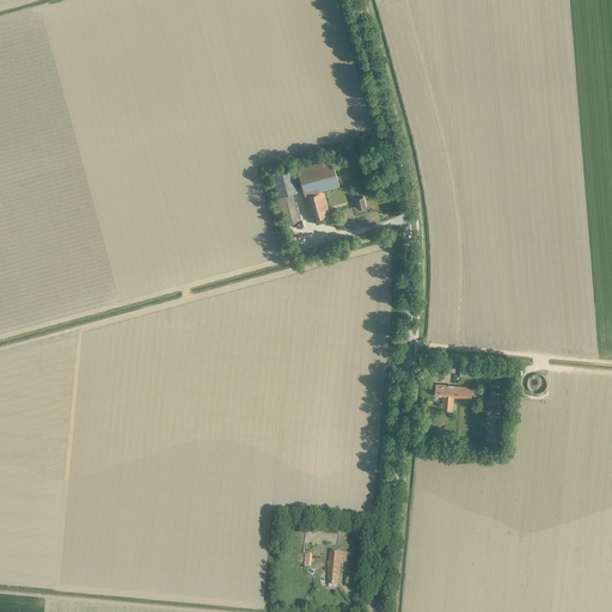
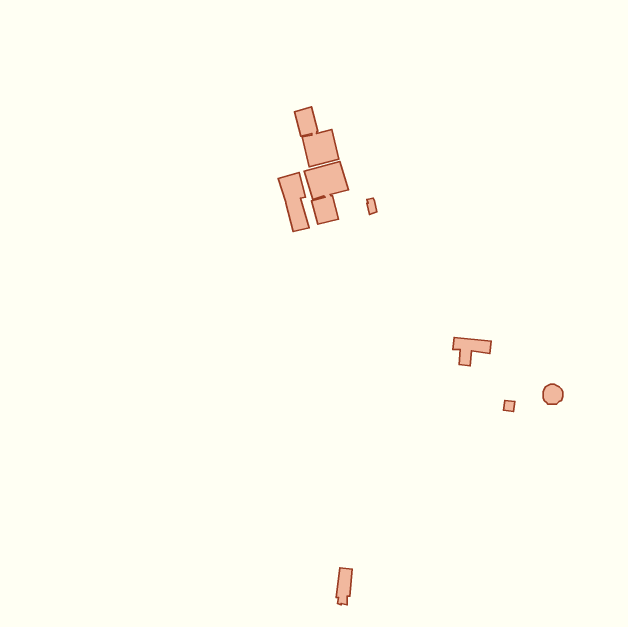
building: none -> [294,107,339,167]
building: [436,386,473,414] -> [453,337,491,366]

